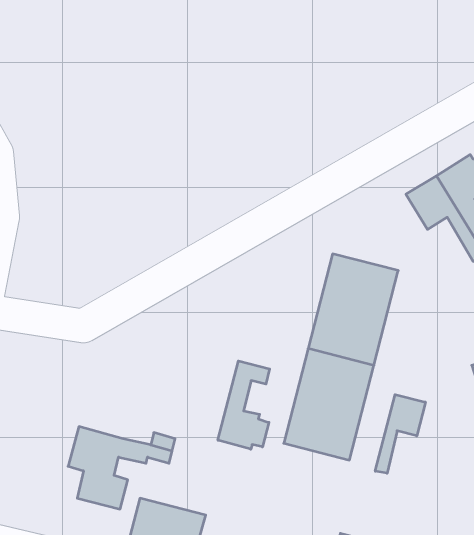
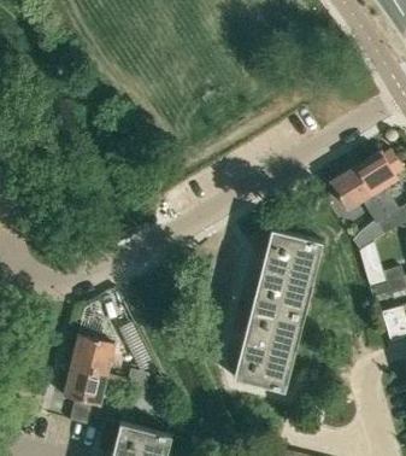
building: [218,361,270,449] -> none
building: none -> [71,335,114,375]
building: [375,395,425,473] -> none

